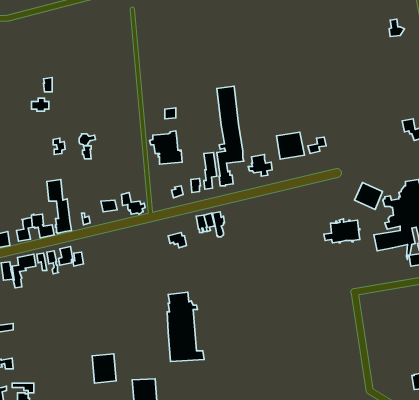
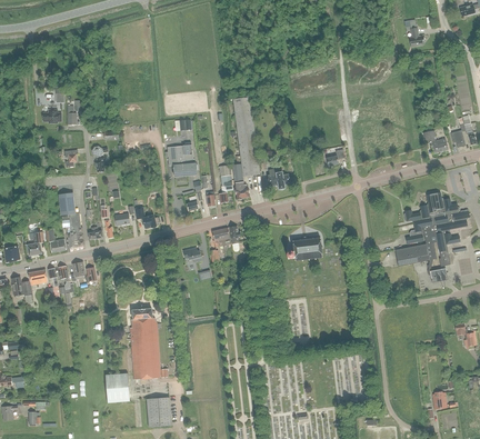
building: [277,132,304,159] -> none
building: [354,183,382,209] -> none
building: [324,219,360,243] -> [286,236,322,260]
building: [167,292,204,362] -> [130,307,168,378]

